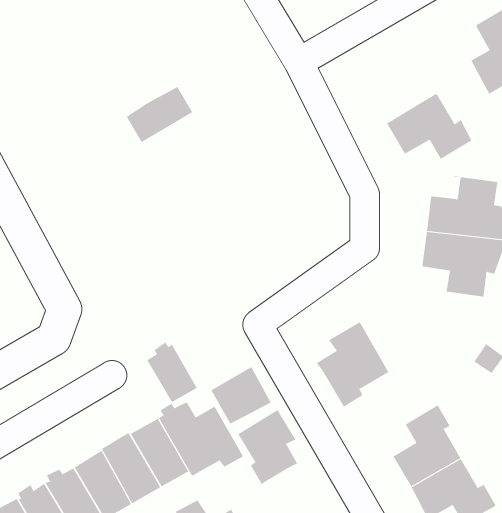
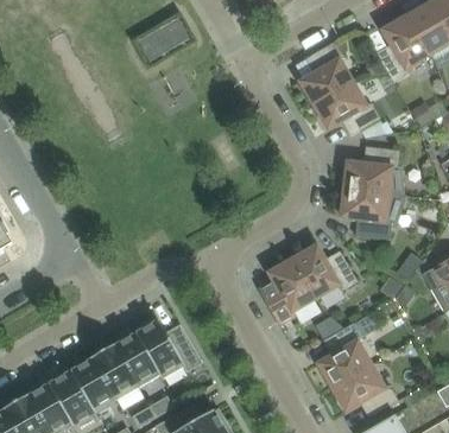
building: none -> [299,40,352,106]
building: [126,86,193,143] -> [137,18,189,62]
building: none -> [292,244,356,298]
building: [146,342,198,403] -> none
building: [210,366,271,424] -> none
building: [238,409,298,485] -> none

